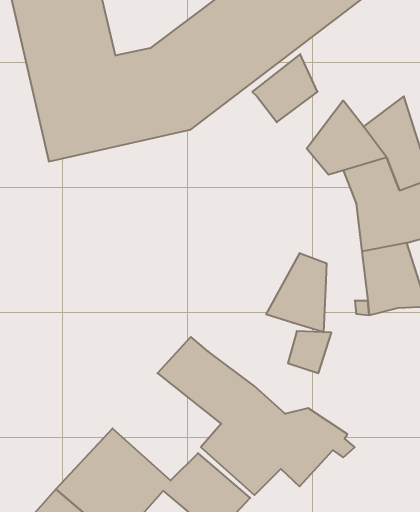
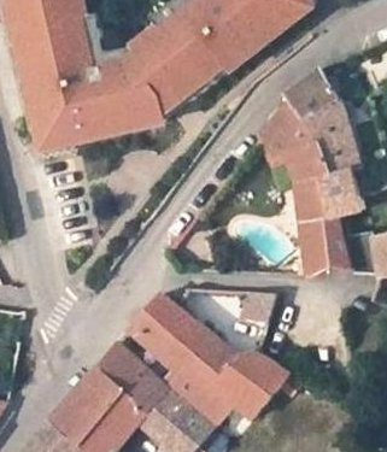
building: [252,54,318,122] -> [283,63,338,119]
building: [266,253,326,332] -> none
building: none -> [95,342,166,413]

